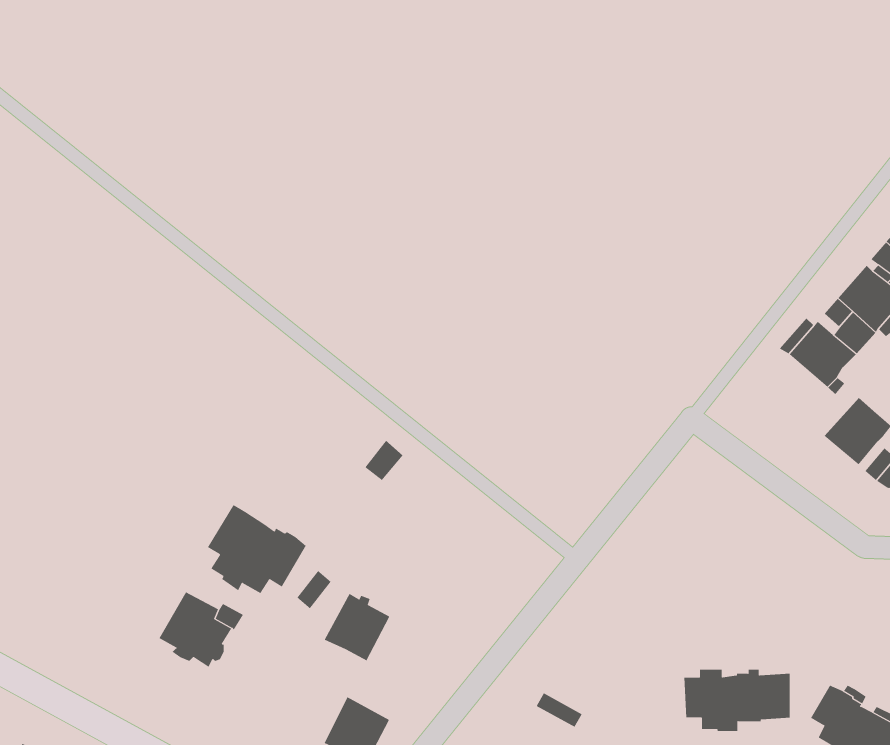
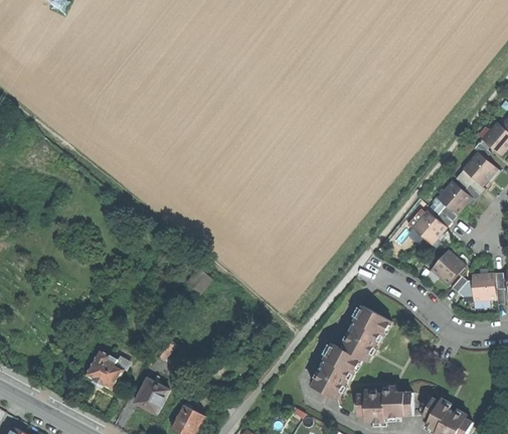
building: [207,504,306,594] -> none
building: none -> [312,305,390,399]
building: [324,593,390,661] -> [134,378,168,413]

